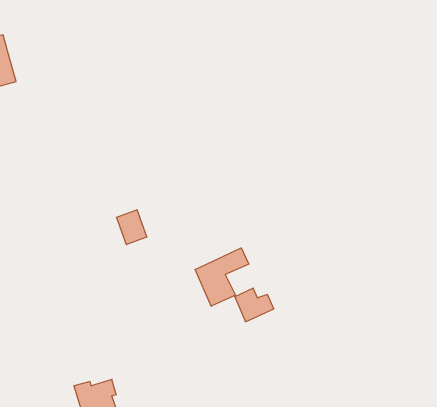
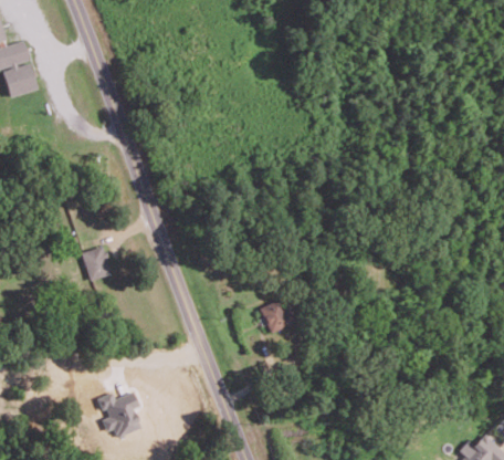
building: [116,210,147,245] -> [81,245,112,281]
building: [195,248,249,306] -> none

